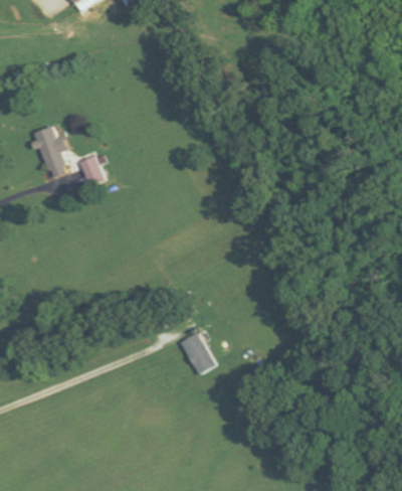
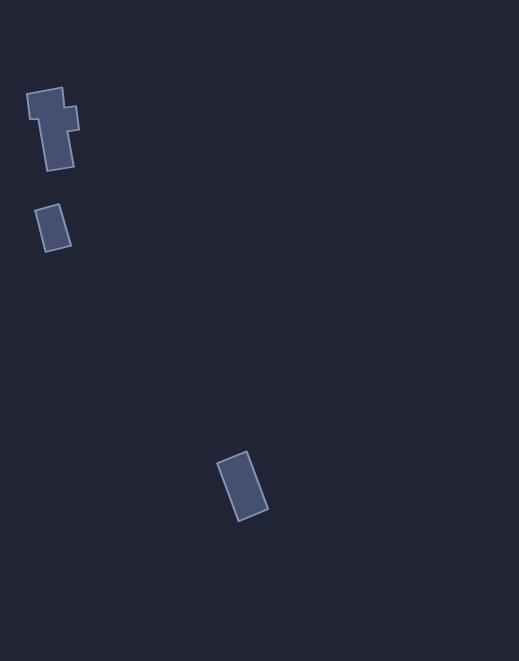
building: [78,155,104,185] -> [35,204,71,252]

